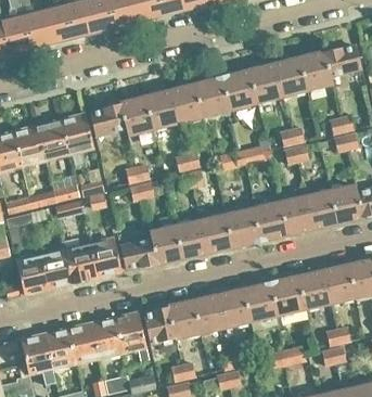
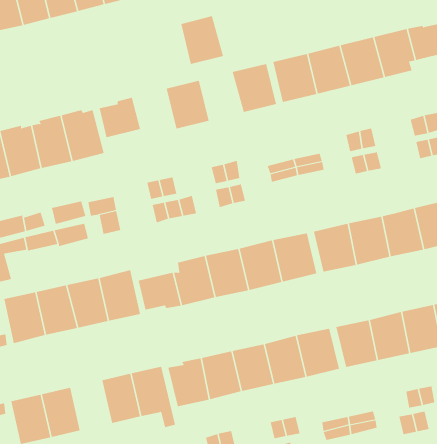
building: [167,84,201,121] -> [180,16,224,65]
building: [115,97,149,133] -> none
building: [67,322,99,361] -> none

